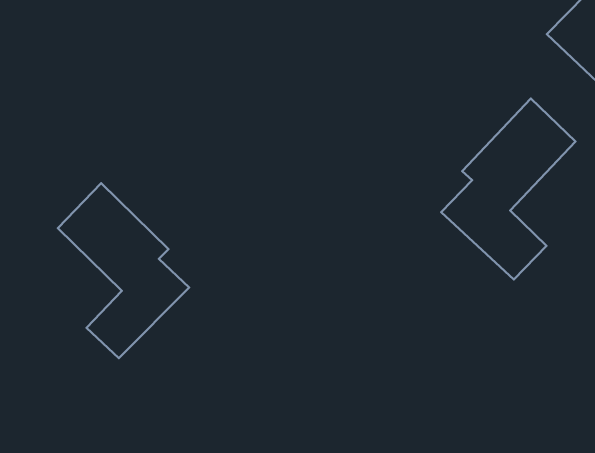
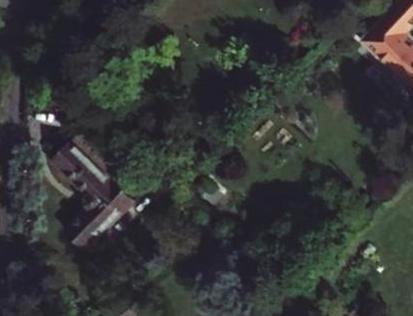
building: [441,99,575,279] -> none

